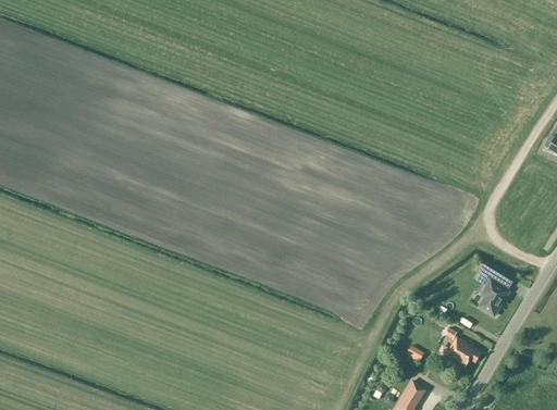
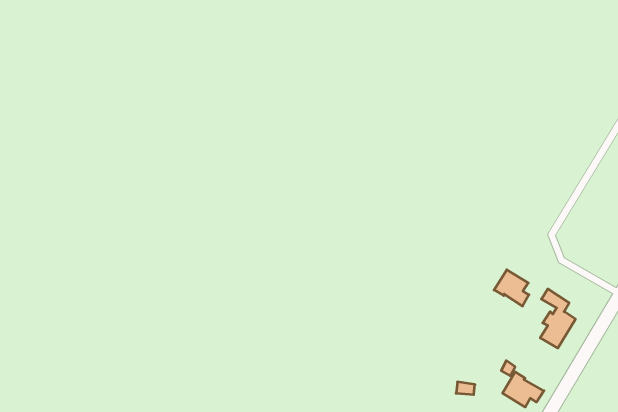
building: none -> [494,270,529,306]

